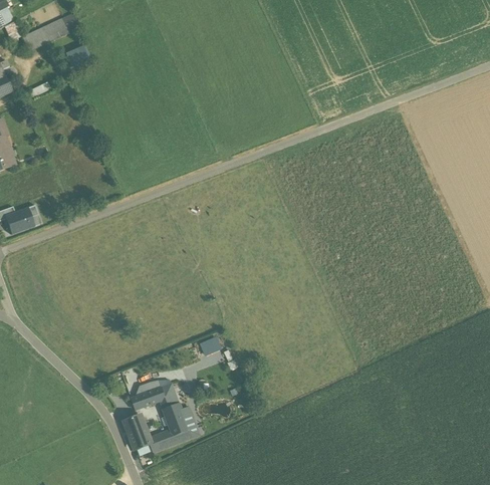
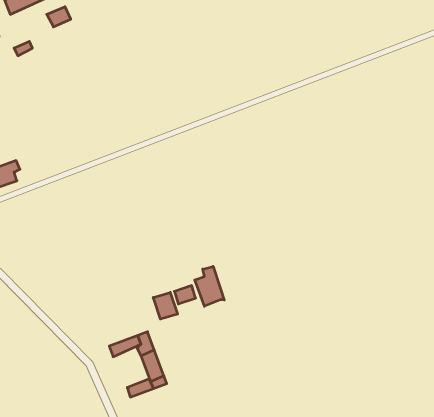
building: none -> [195,266,224,306]
building: none -> [153,292,178,319]
building: [125,414,151,448] -> none

